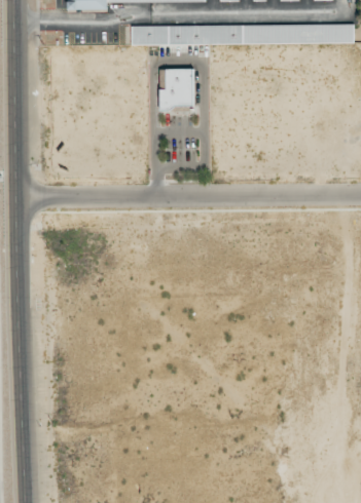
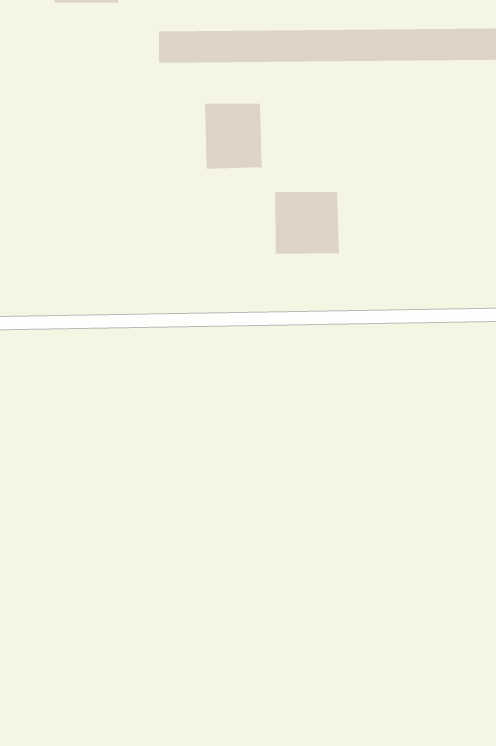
building: none -> [274,191,340,254]

